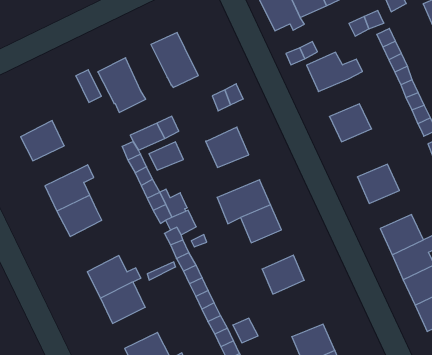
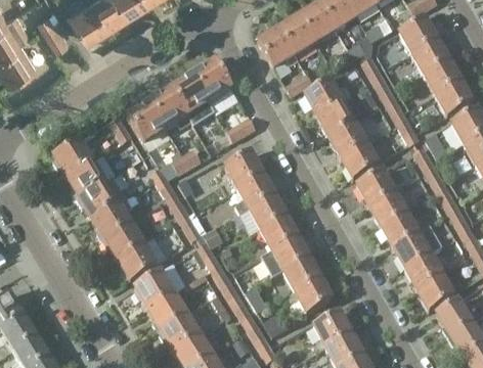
building: none -> [193,62,232,102]
building: none -> [151,89,192,129]
building: none -> [318,102,354,136]
building: none -> [55,140,94,178]
building: none -> [342,143,379,179]
building: none -> [81,182,120,218]
building: none -> [225,175,275,213]
building: none -> [370,193,407,227]
building: none -> [119,242,158,280]
building: none -> [273,236,310,271]
building: none -> [296,277,334,313]
building: none -> [162,313,201,350]

